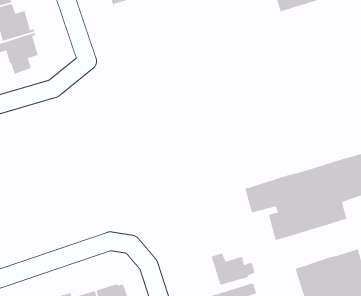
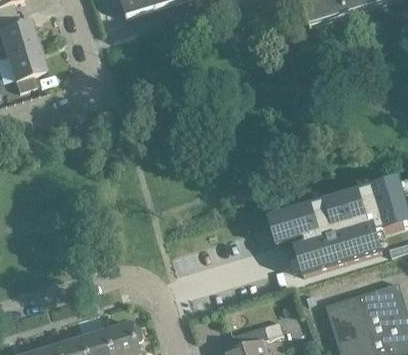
building: [211,252,255,286] -> none

